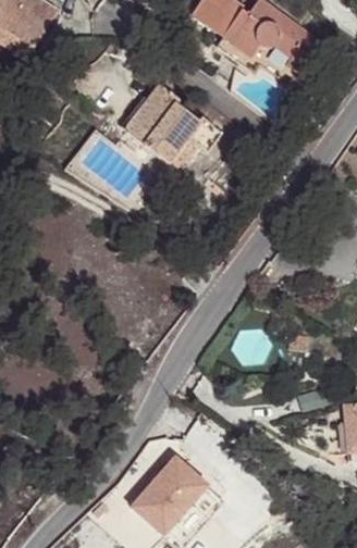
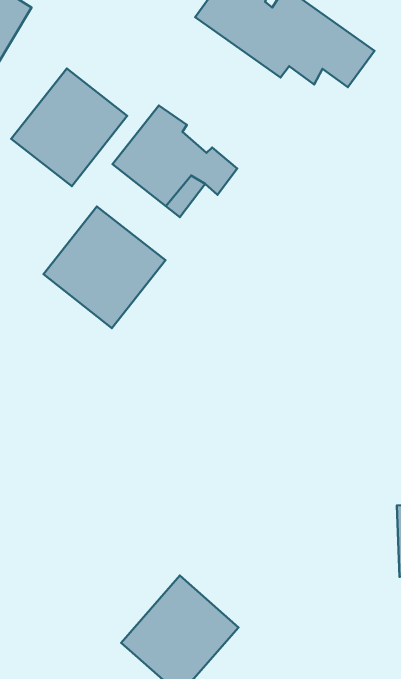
building: none -> [11,69,127,186]
building: none -> [43,207,165,328]

